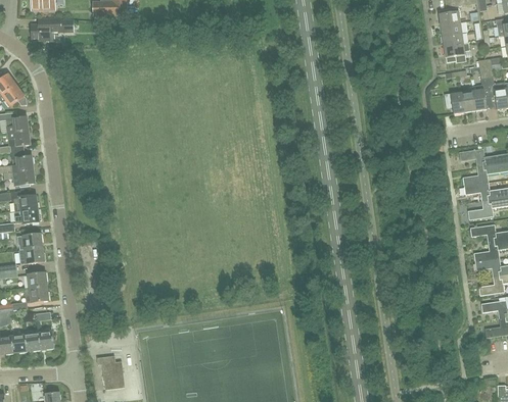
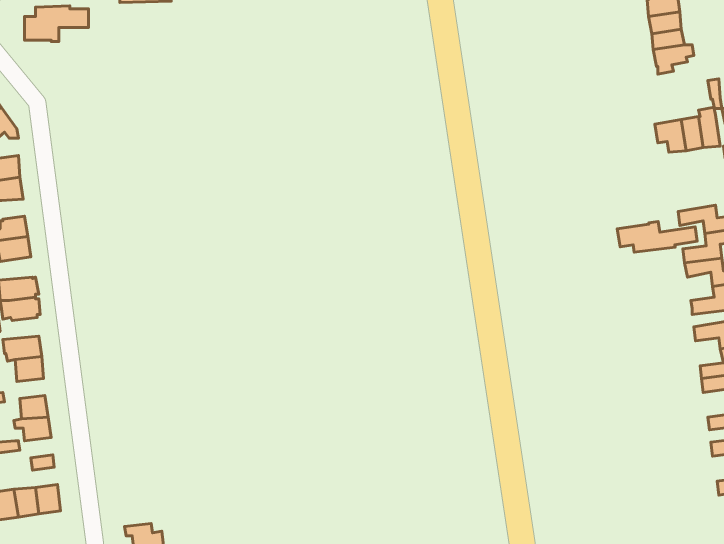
building: none -> [617,222,697,252]

